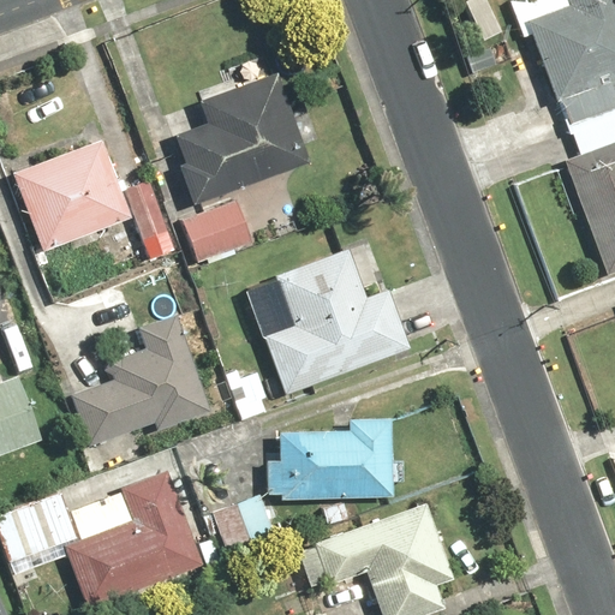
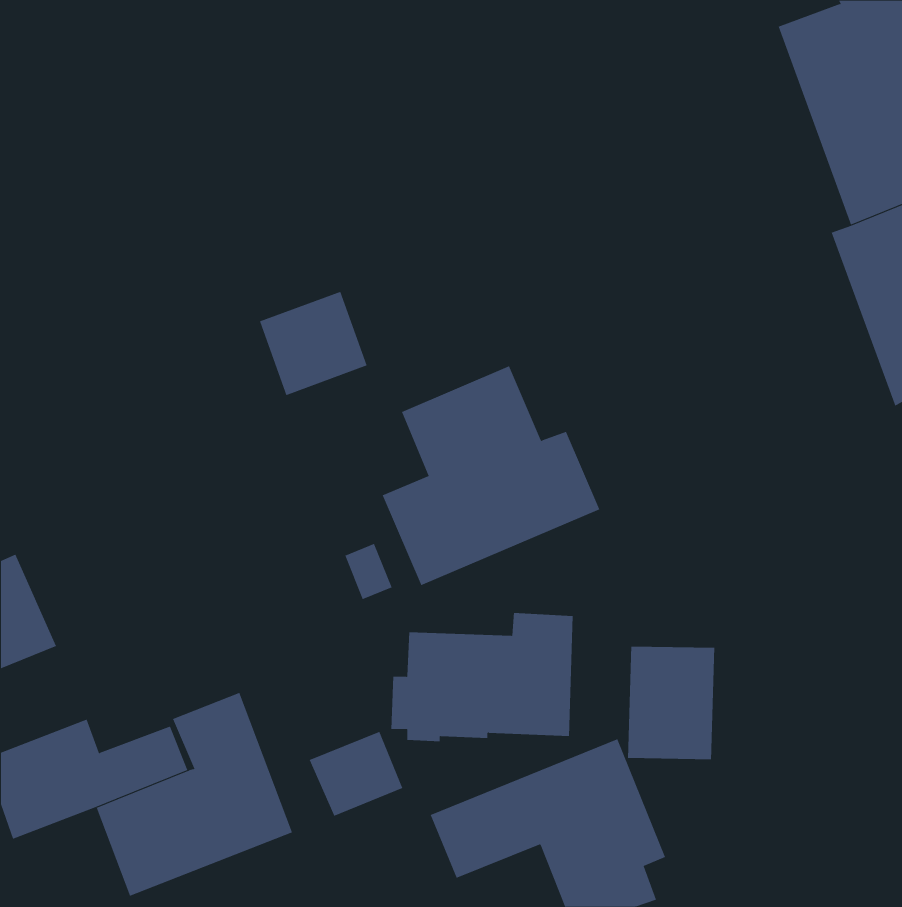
building: [173,55,323,207] -> none
building: [11,141,169,253] -> none
building: [67,317,213,449] -> none
building: none -> [627,646,715,760]

